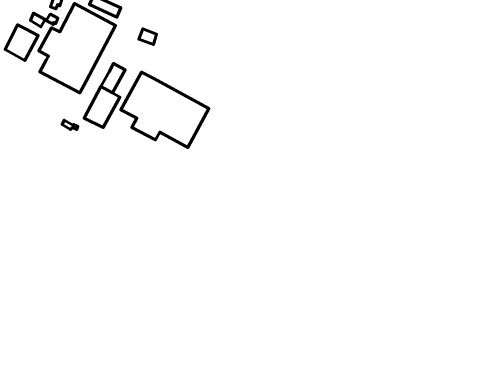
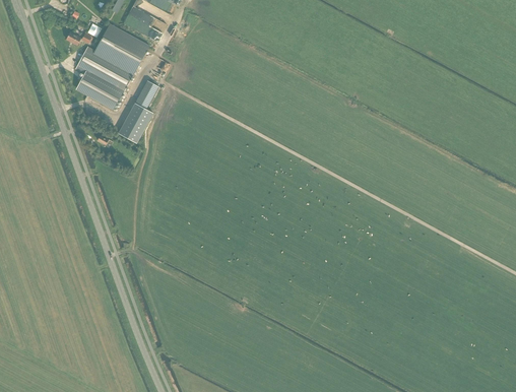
building: [5,25,38,60] -> none
building: [121,72,209,148] -> none

